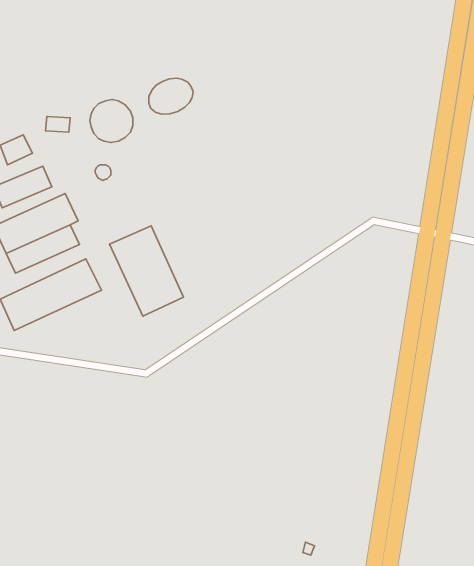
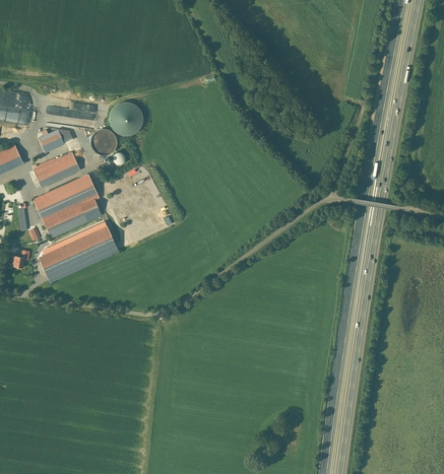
building: [149,78,193,114] -> none
building: none -> [90,127,117,154]
building: [110,226,183,316] -> none

